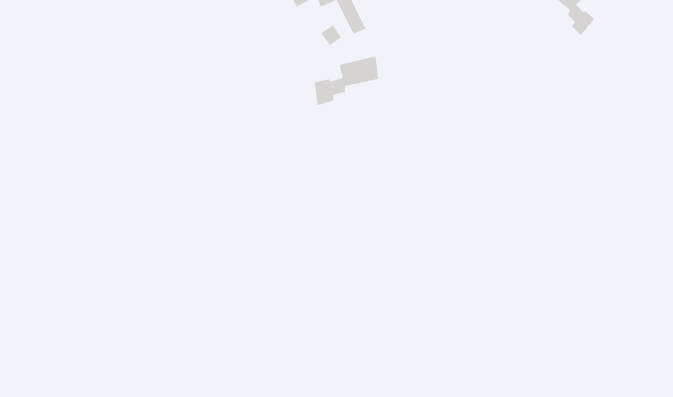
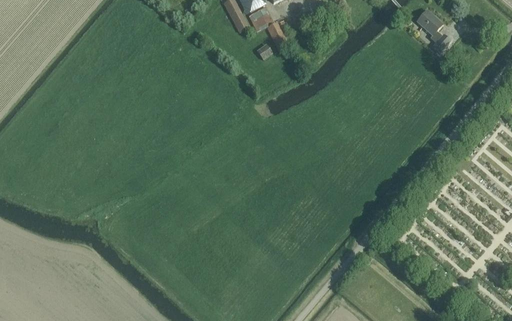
building: [314,56,379,106] -> none

